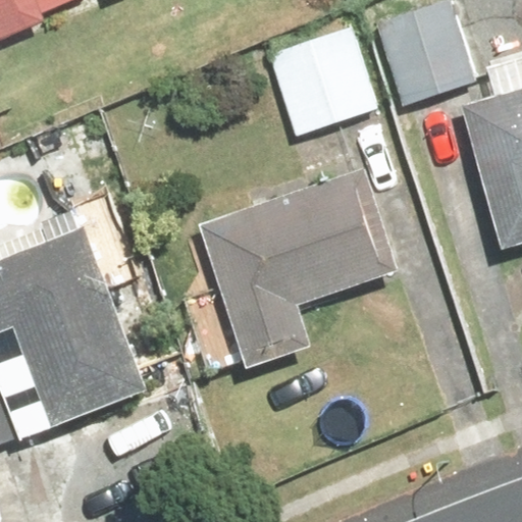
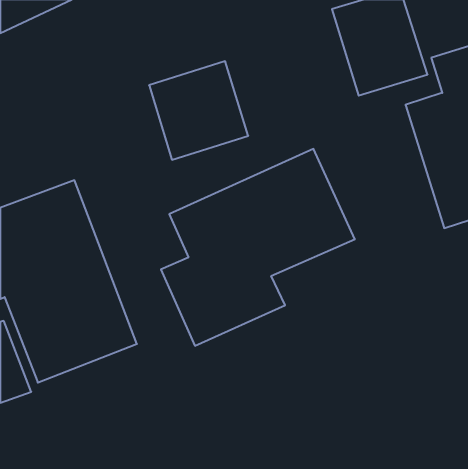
building: [272,25,382,135] -> [149,61,248,160]

